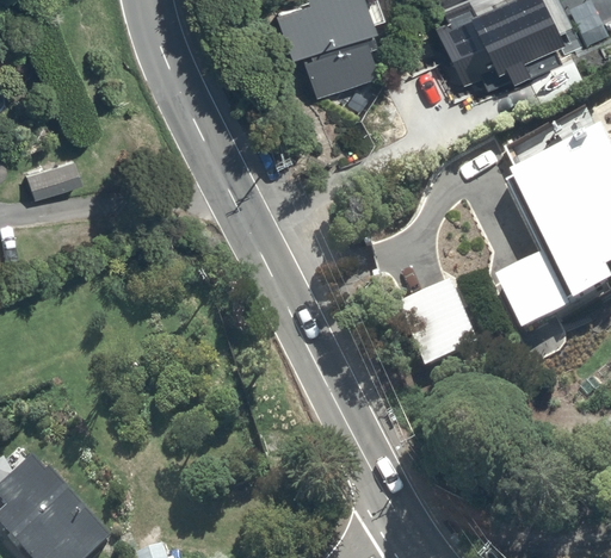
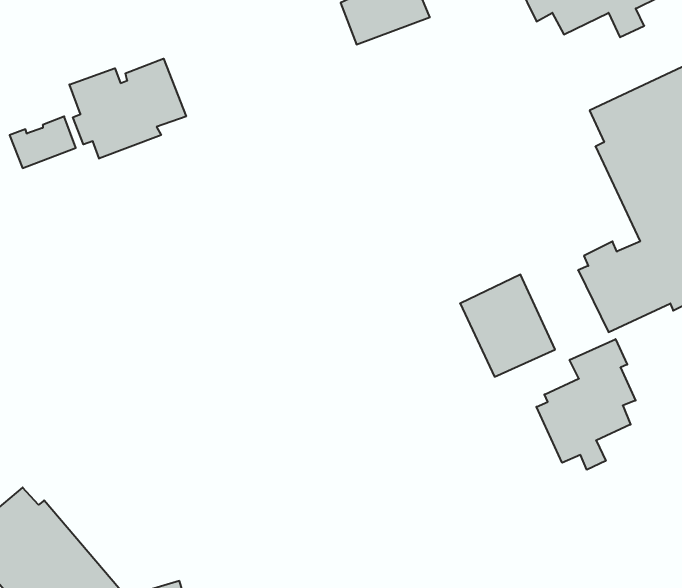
building: none -> [69,59,186,159]
building: none -> [536,339,636,470]

